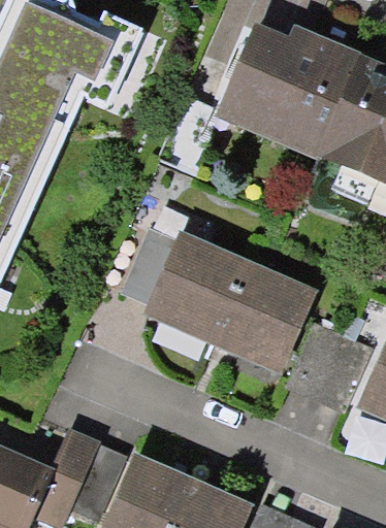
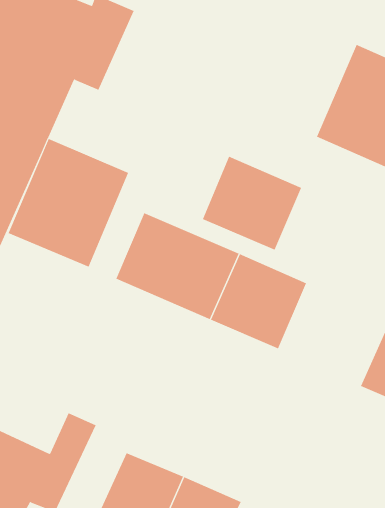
building: [217,35,356,155] -> none
building: none -> [8,138,129,267]
building: none -> [202,156,302,251]

